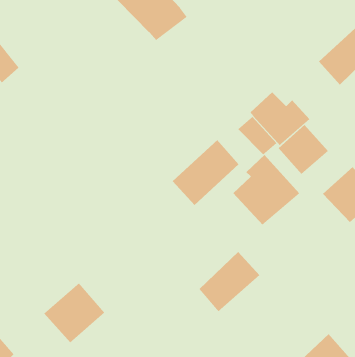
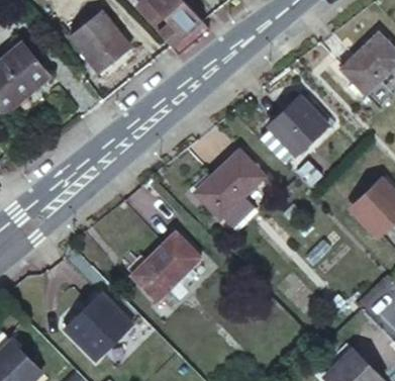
building: none -> [68,13,126,73]
building: [278,124,329,175] -> none
building: [232,154,300,226] -> none
building: [198,251,260,312] -> [138,236,201,298]

